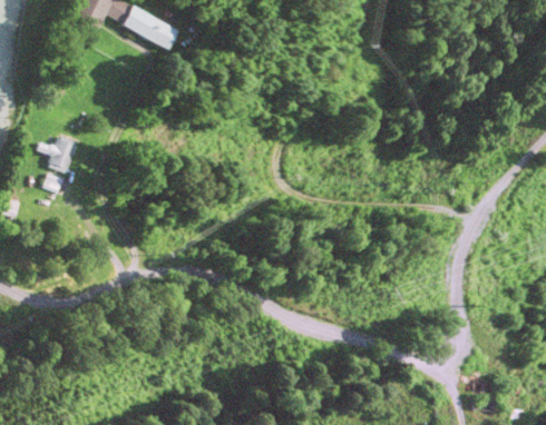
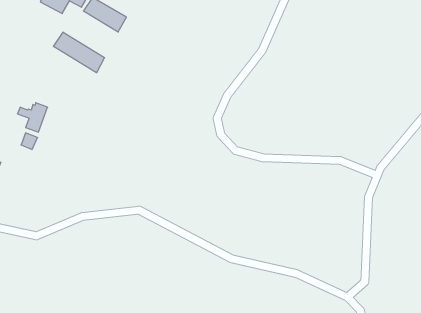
building: none -> [54,32,105,73]

